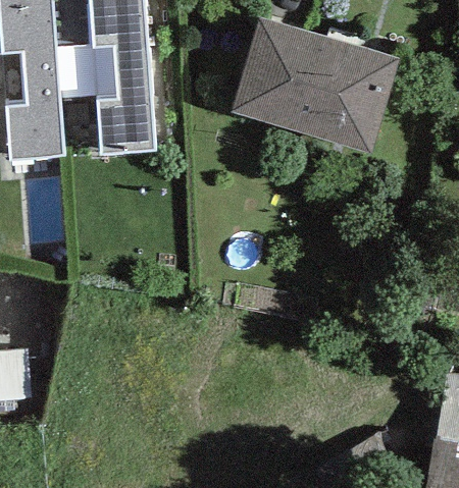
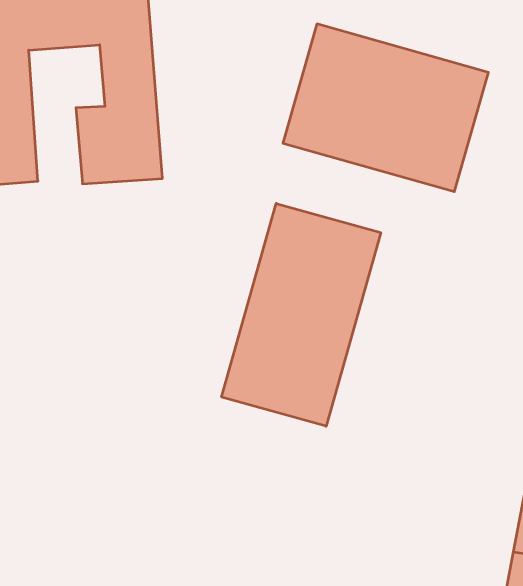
building: none -> [222,203,381,426]

